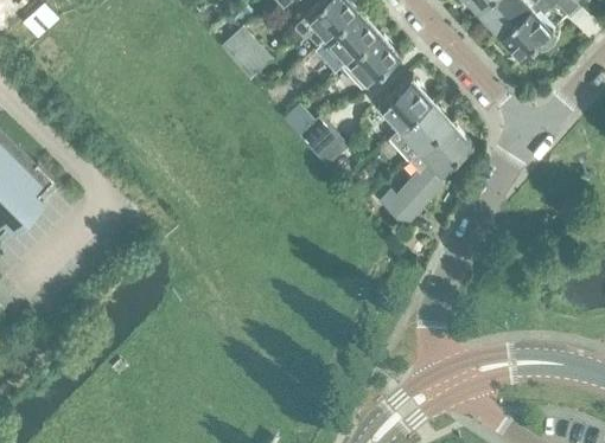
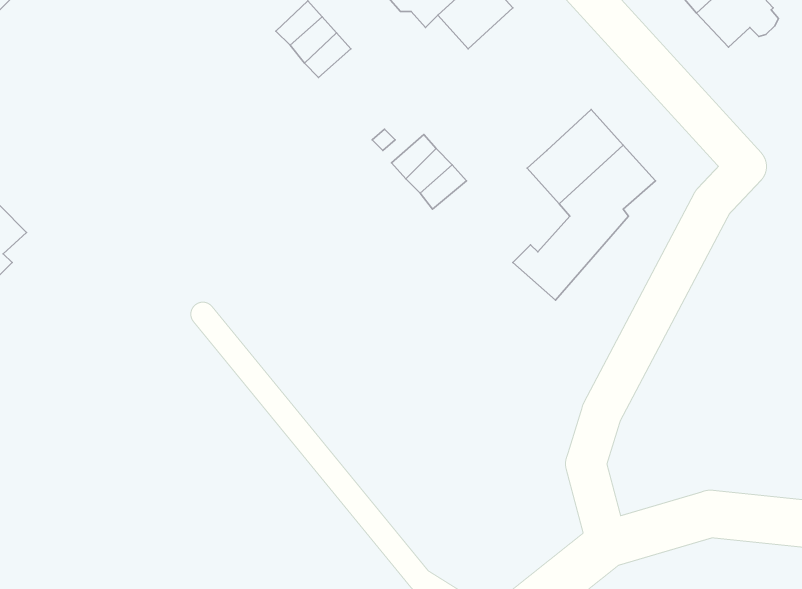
building: [348,33,399,84] -> none
building: [380,79,429,128] -> none

